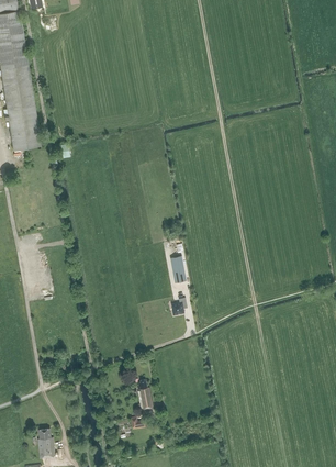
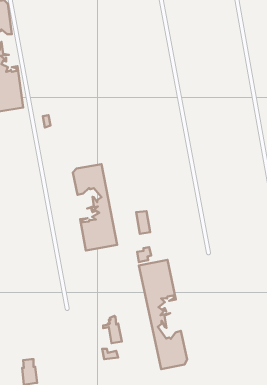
building: none -> [73,164,117,250]
building: none -> [139,260,187,369]

